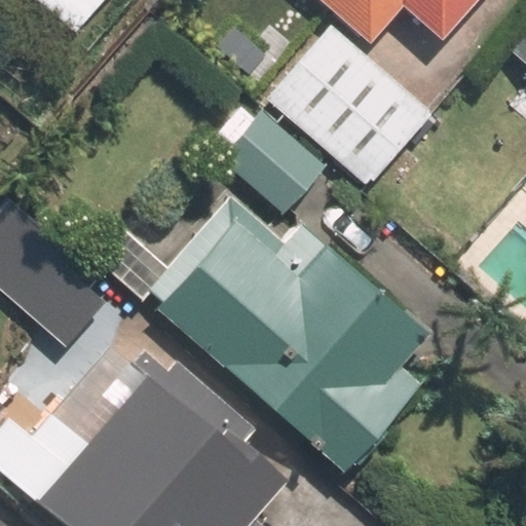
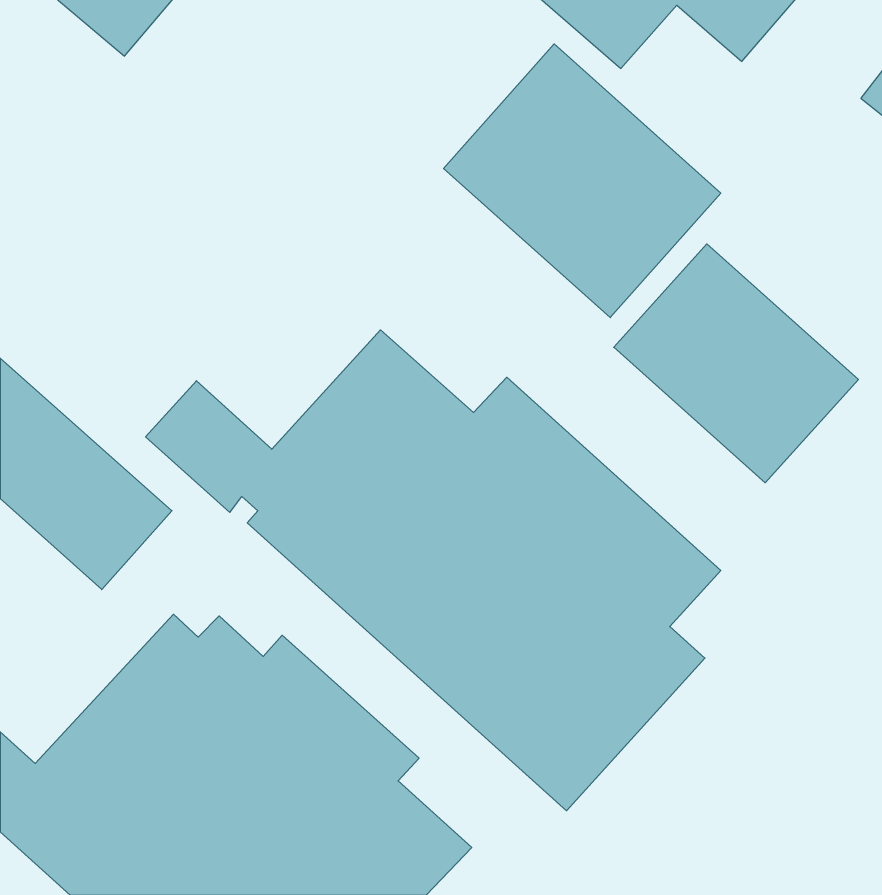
building: [215,105,330,215] -> none
building: none -> [614,244,858,483]

